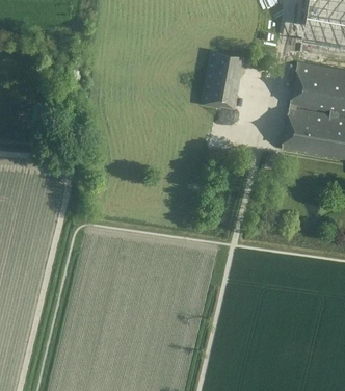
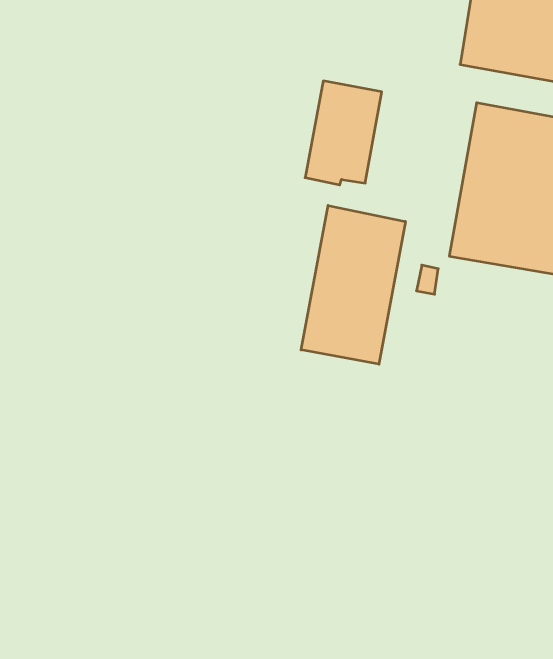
building: none -> [301,205,405,364]

